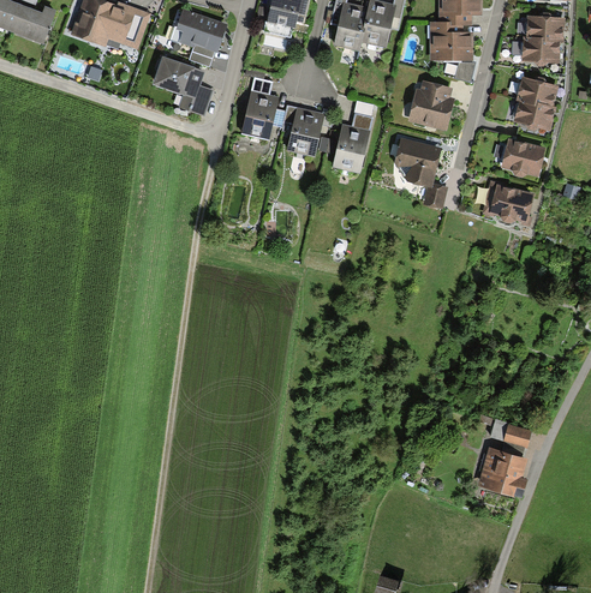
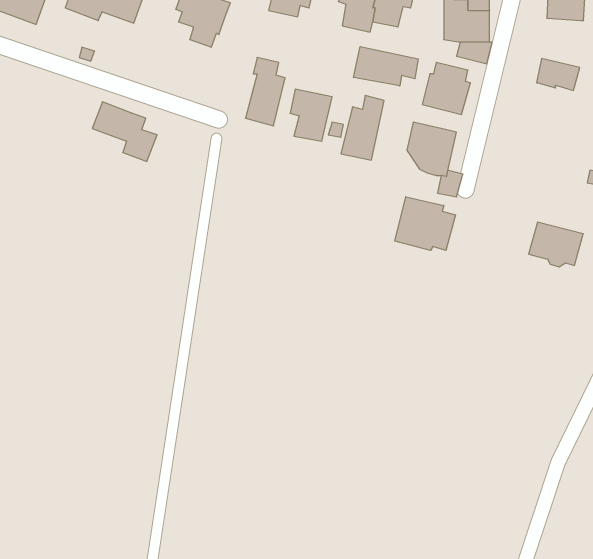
building: [521,38,559,61] -> none
building: [150,58,211,114] -> [92,102,157,161]
building: none -> [354,47,418,86]
building: [513,100,554,131] -> none
building: [501,138,545,178] -> none
building: [482,181,533,223] -> [529,222,583,267]
building: none -> [395,197,456,250]
building: [477,427,529,493] -> none

